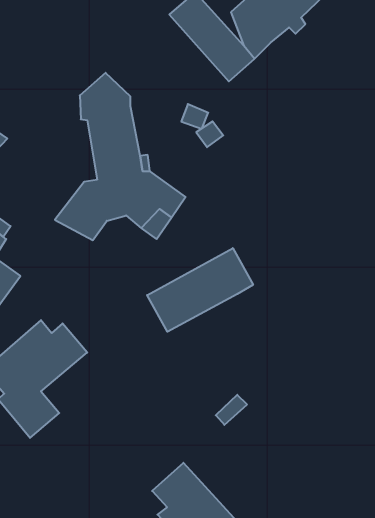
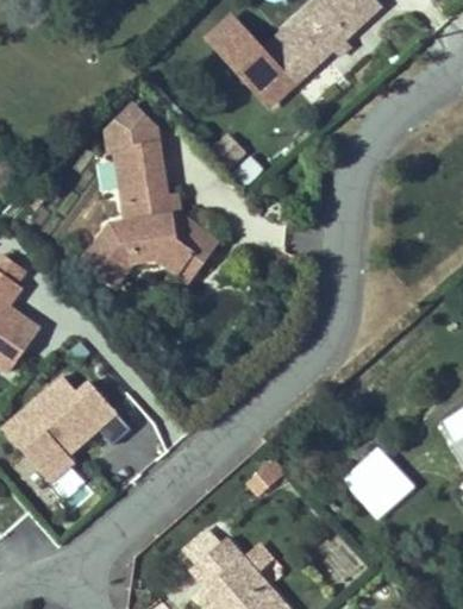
building: [147,248,253,332] -> none
building: none -> [345,450,413,520]

